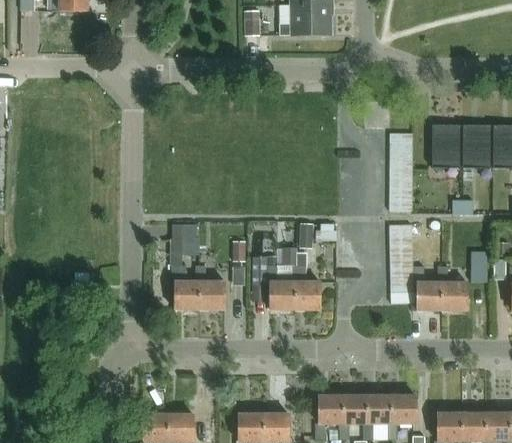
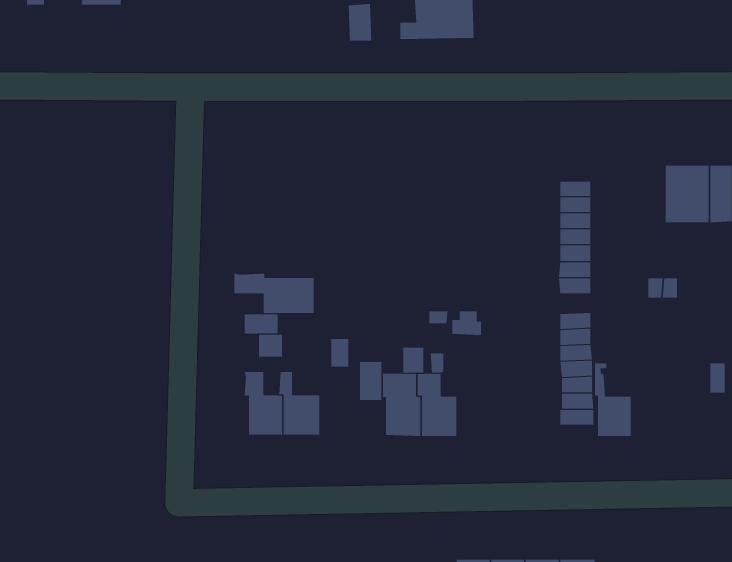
building: [433,122,463,162] -> none
building: none -> [234,273,314,314]
building: [470,252,488,283] -> none
building: [437,266,466,310] -> none

